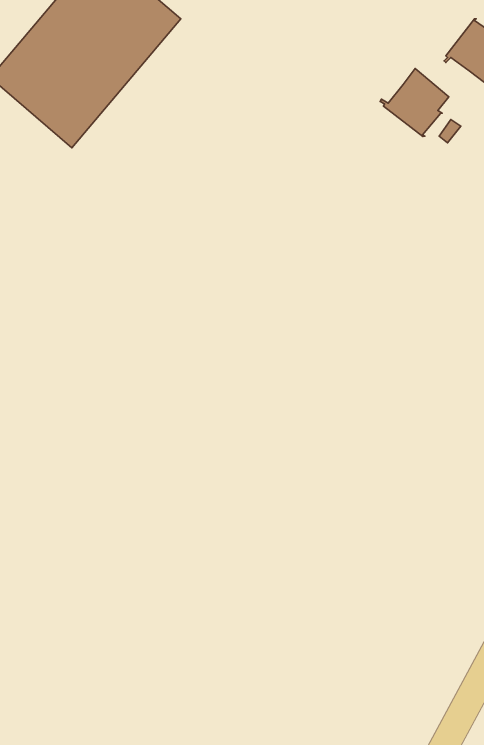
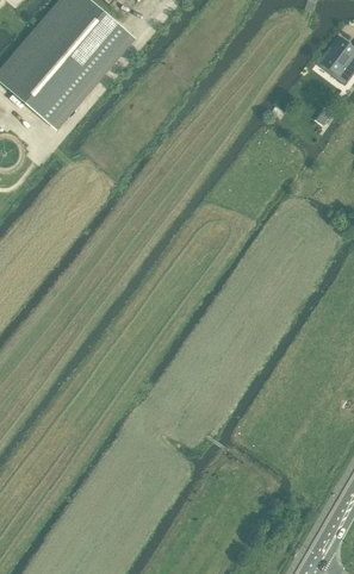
building: [380,69,449,136] -> none

